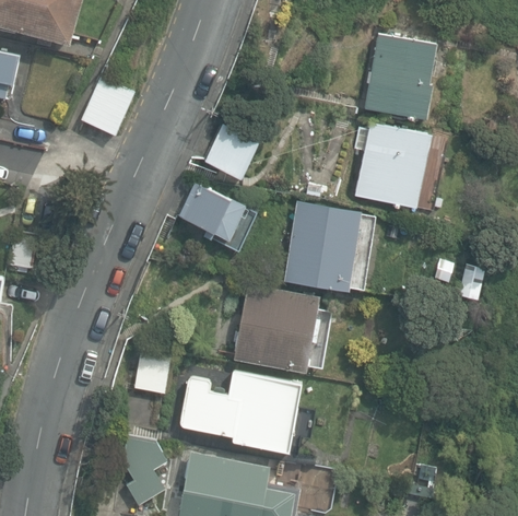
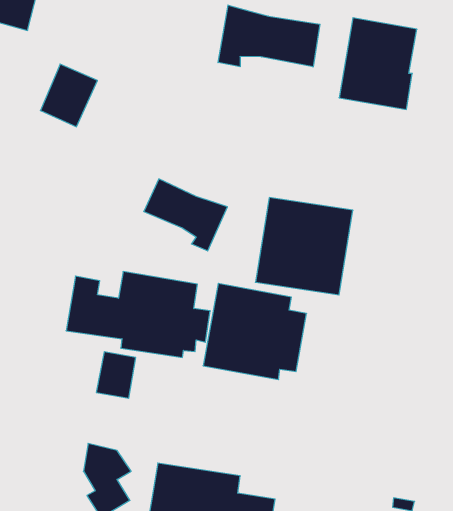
building: none -> [218,5,320,67]
building: [354,121,429,208] -> none
building: [204,124,258,178] -> none
building: [178,372,314,453] -> [66,272,210,357]

